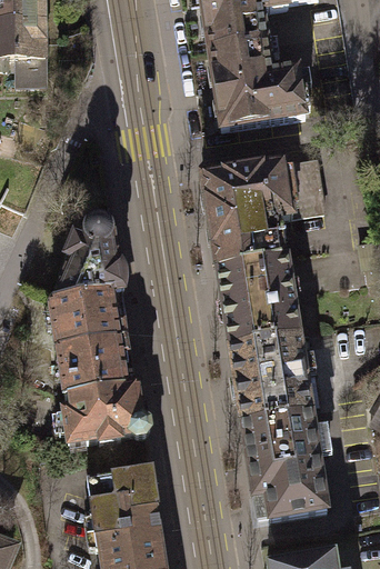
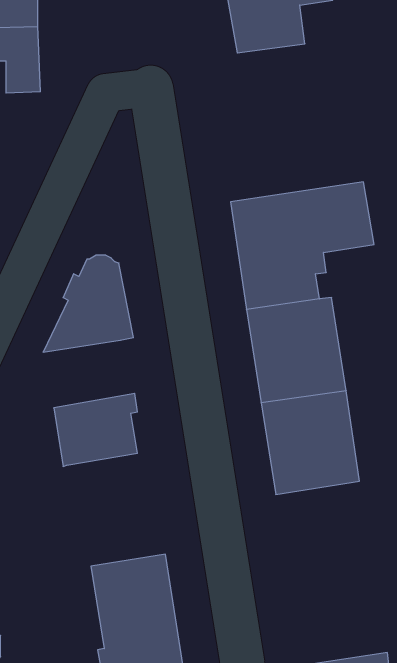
building: [210,42,310,127] -> none
building: [48,290,124,347] -> none
building: [64,382,147,442] -> none
building: [242,408,328,518] -> none

